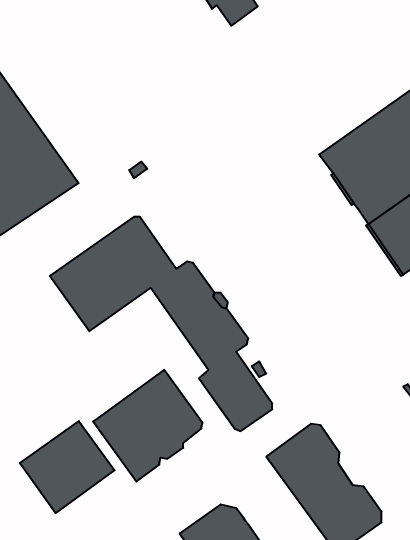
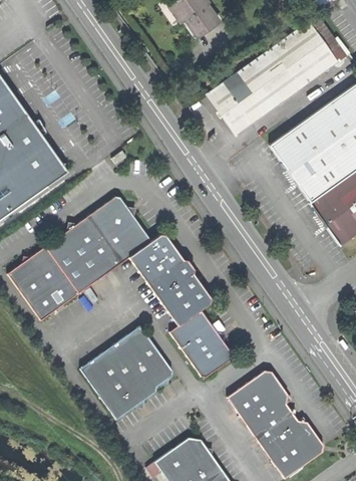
building: none -> [207,22,337,135]
building: none -> [8,246,78,319]
building: [20,421,115,513] -> none

